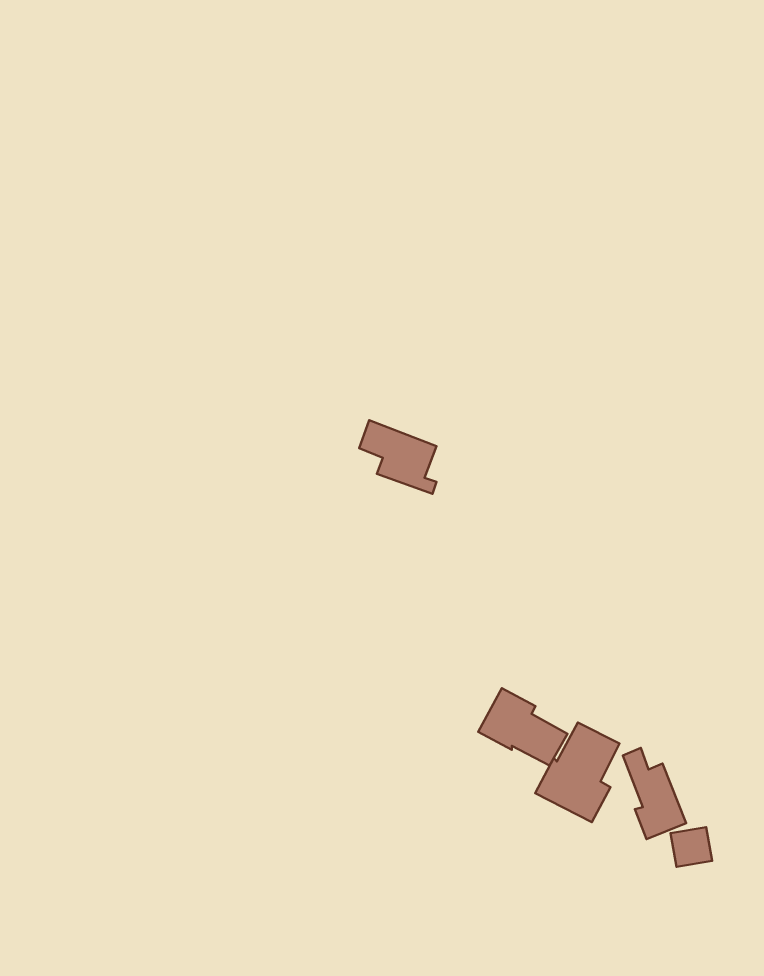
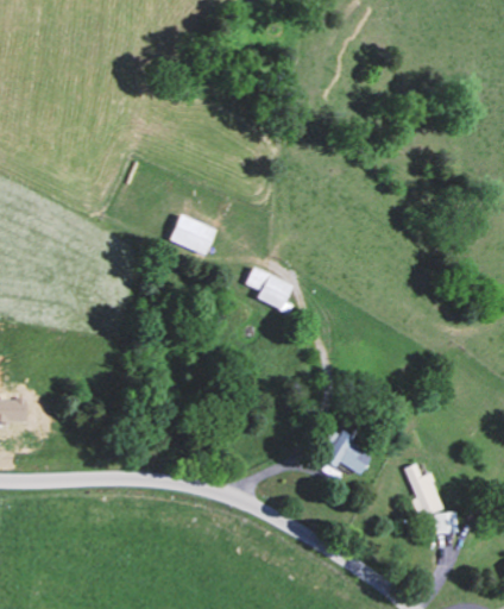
building: none -> [171,215,216,253]
building: [535,722,620,822] -> none

